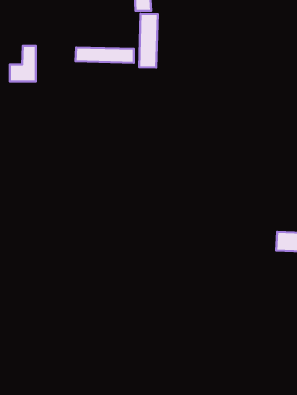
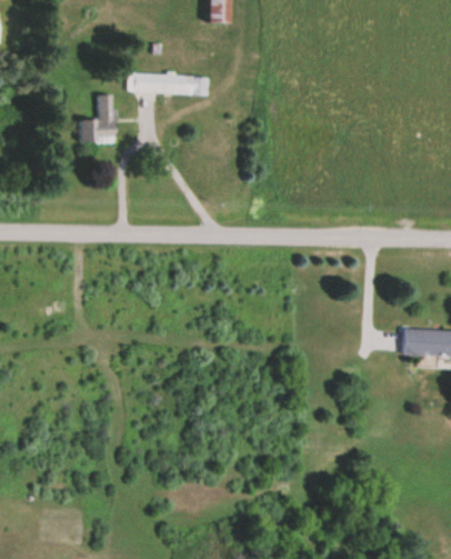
building: [139,14,158,67] -> none
building: [10,46,36,82] -> [80,96,116,144]

